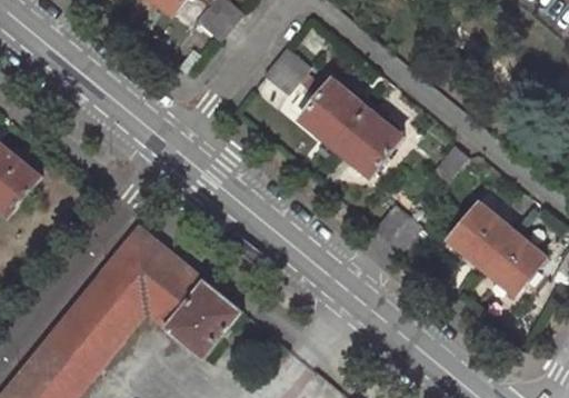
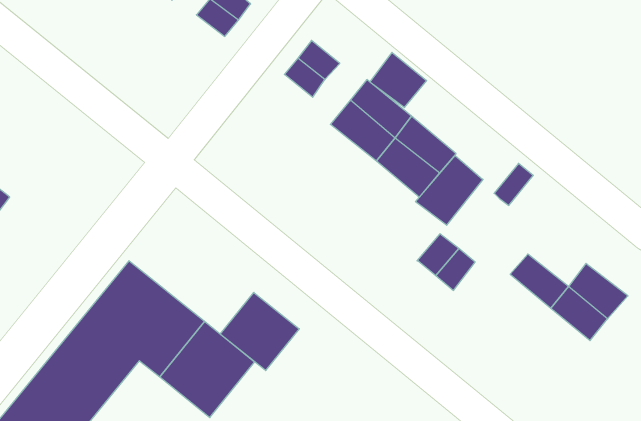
building: none -> [370,52,427,108]
building: none -> [416,156,483,225]
building: [463,203,511,249] -> none
building: none -> [220,292,299,371]

